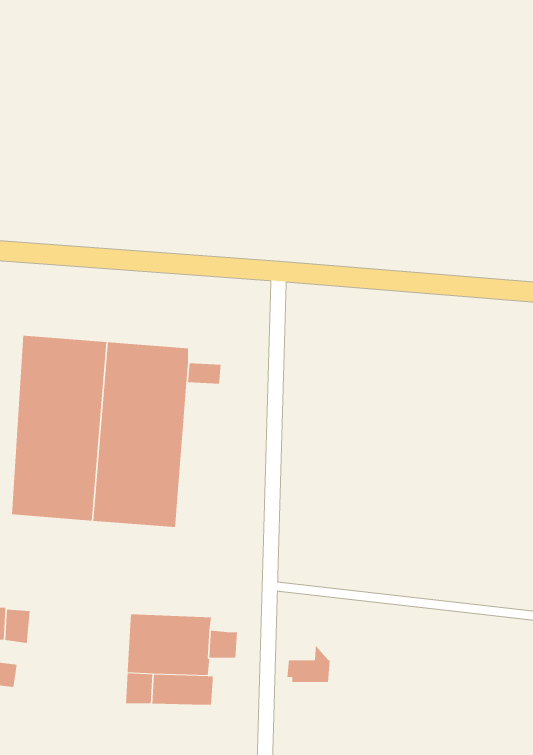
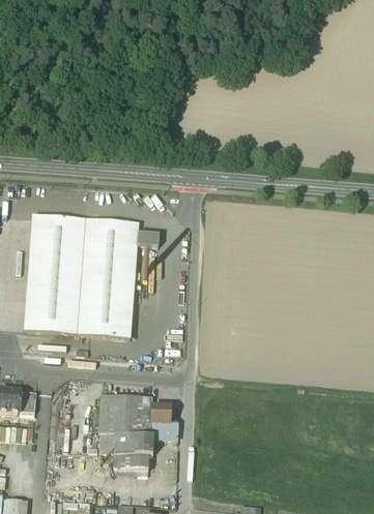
building: [286,634,331,683] -> [150,404,178,435]
building: none -> [114,450,148,466]

